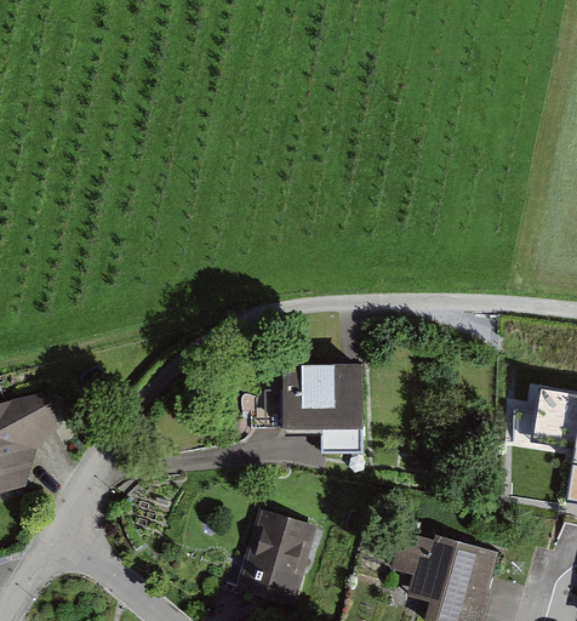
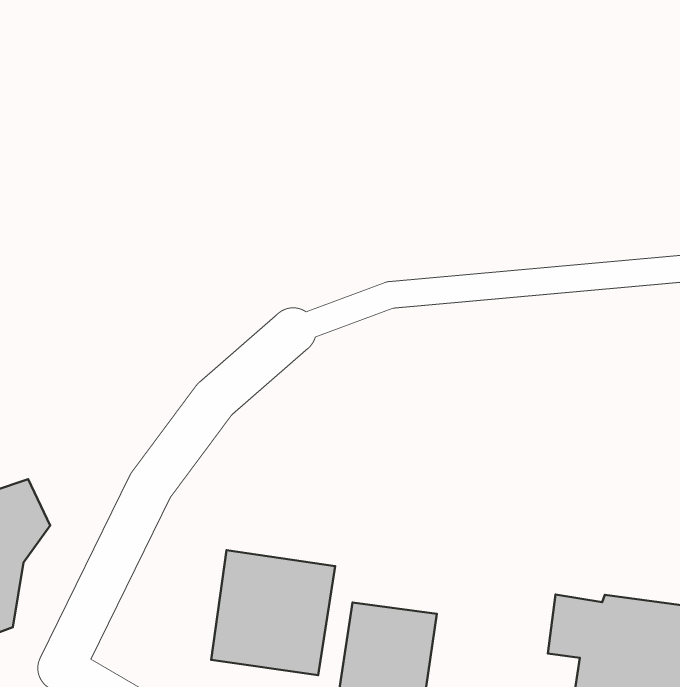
building: [285,370,356,450] -> none
building: none -> [211,550,335,675]

